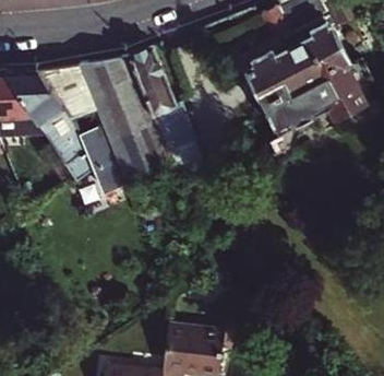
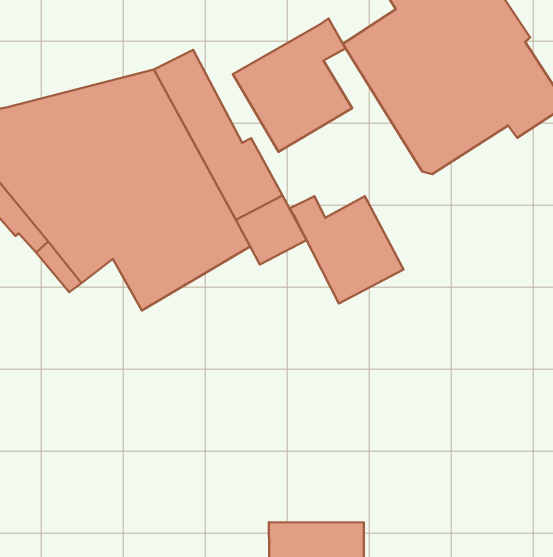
building: none -> [233,19,352,152]
building: none -> [290,196,403,303]

